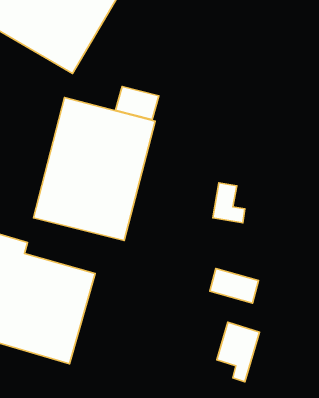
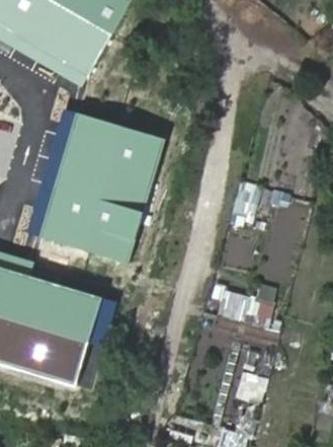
building: [116,86,159,120] -> none

